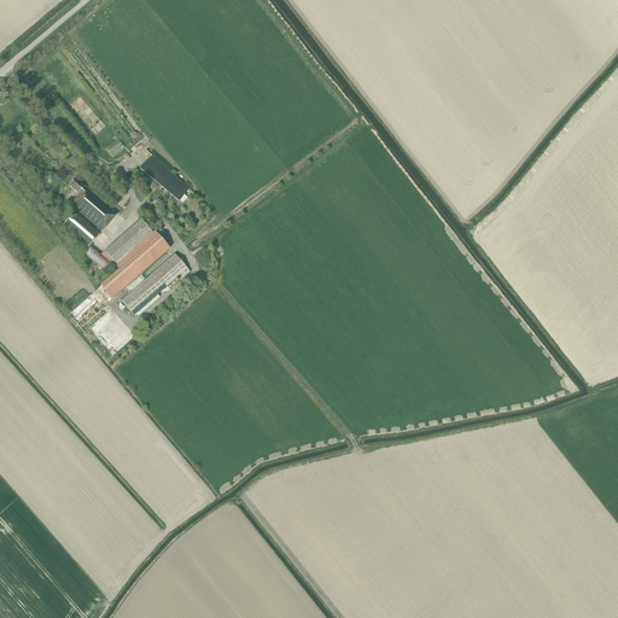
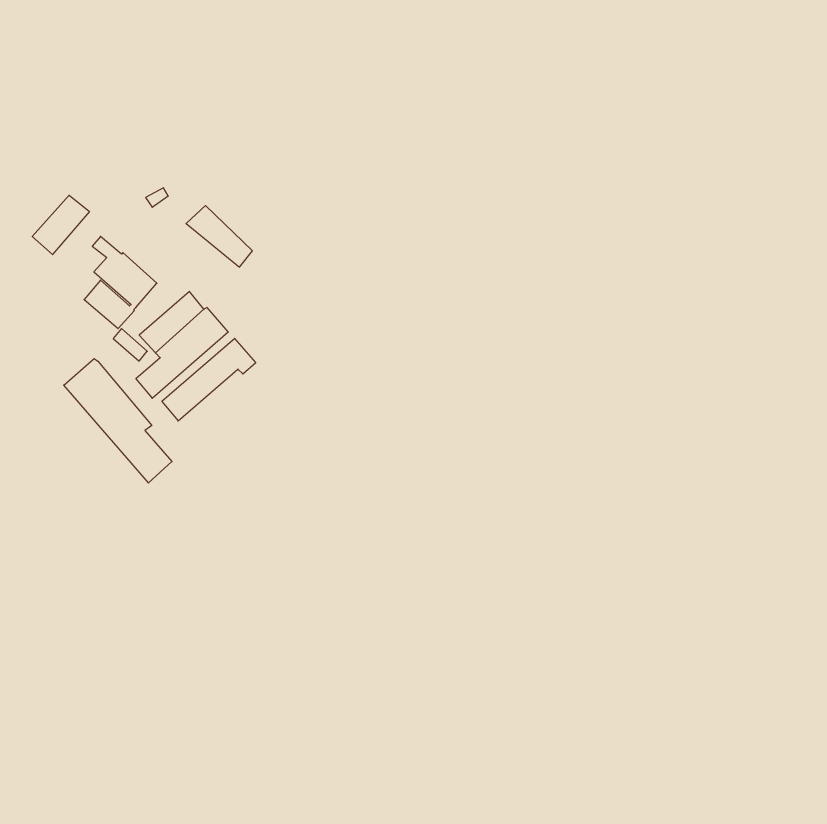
building: none -> [32,195,89,255]
building: none -> [64,359,172,483]

